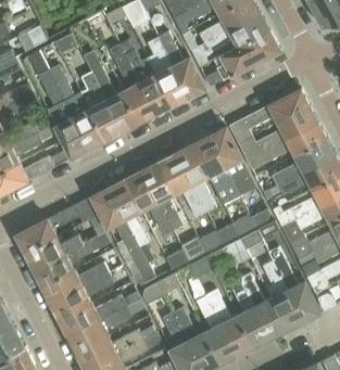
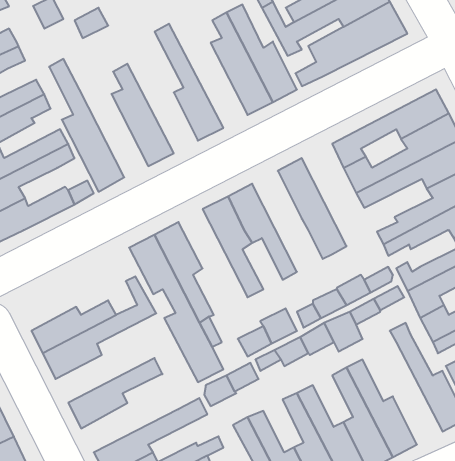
building: [118,39,172,115] -> none
building: [47,64,104,149] -> none
building: [90,66,138,132] -> none
building: [209,127,256,195] -> none
building: [175,144,216,213] -> none
building: [125,170,172,235] -> none
building: [15,199,96,253] -> none
building: [263,260,304,330] -> none
building: [41,261,109,302] -> none
building: [59,293,139,335] -> none

